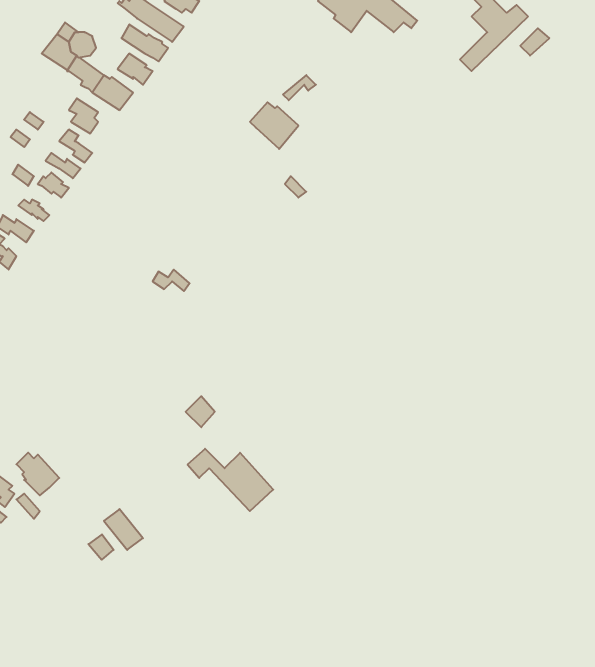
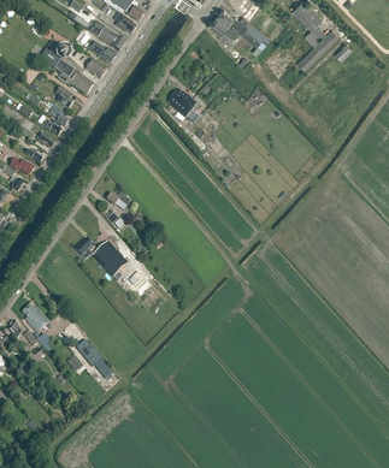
building: [188,449,273,511] -> [75,238,128,277]

